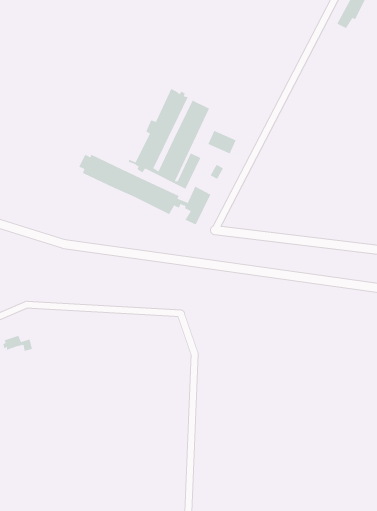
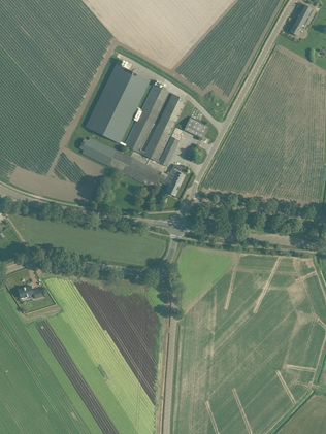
building: none -> [85,63,149,143]

